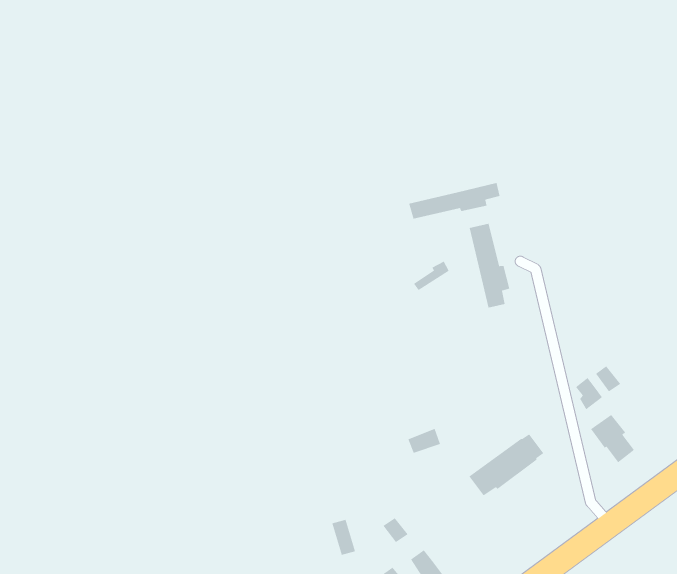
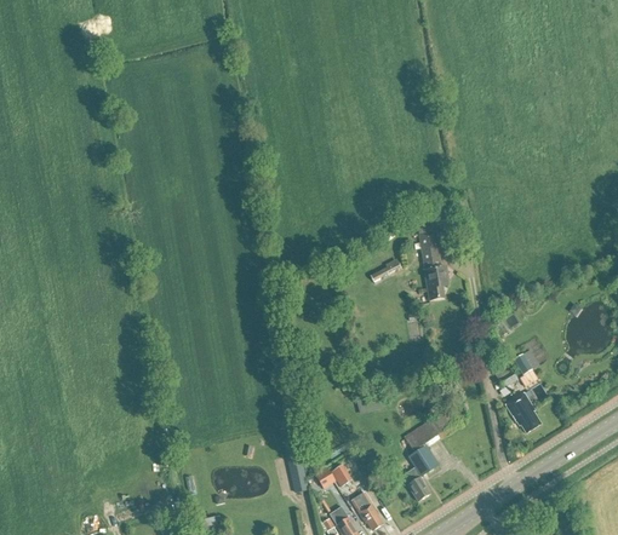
building: [409,182,500,219] -> none
building: none -> [404,445,437,500]

